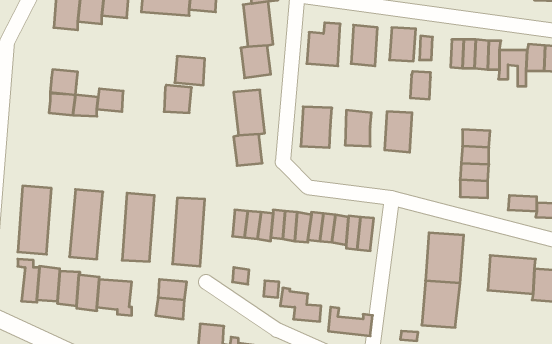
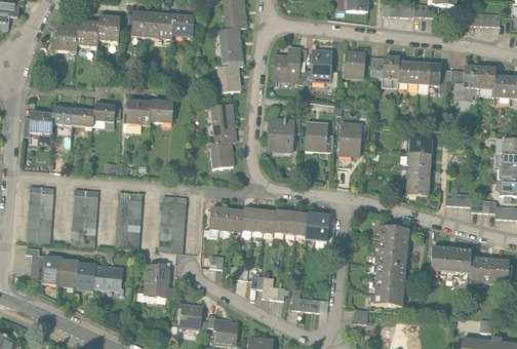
building: [175,56,205,85] -> [126,99,152,123]
building: [50,70,78,95] -> [30,110,53,131]
building: [410,71,431,99] -> [380,54,397,78]

